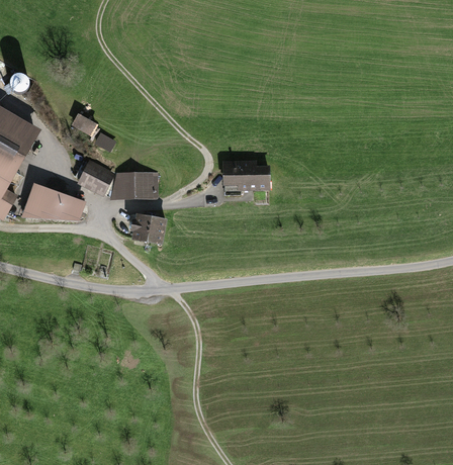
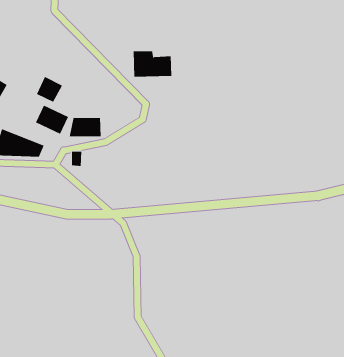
building: [225,162,273,193] -> [133,51,172,77]
building: [130,211,165,242] -> none

